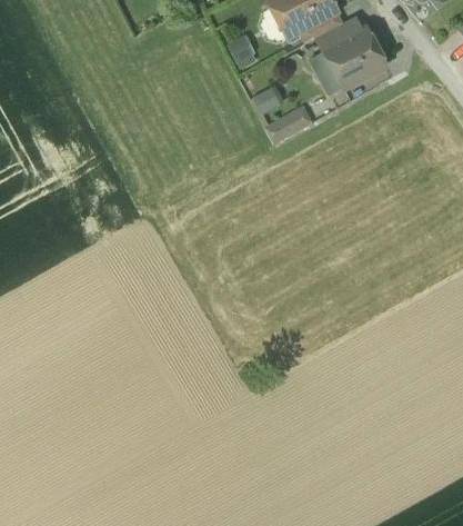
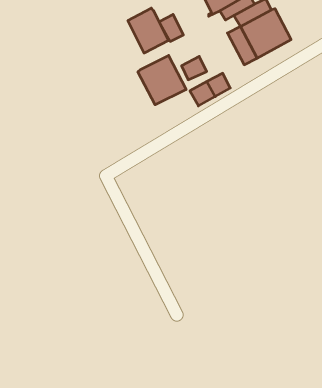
building: none -> [128,8,168,53]
building: none -> [138,55,186,105]

